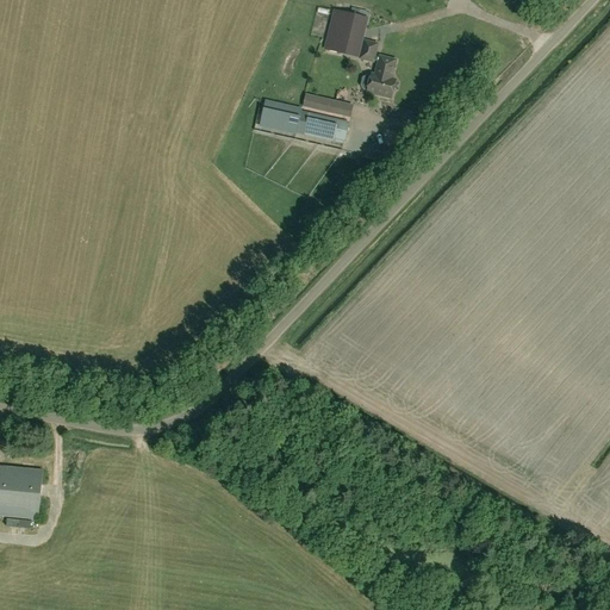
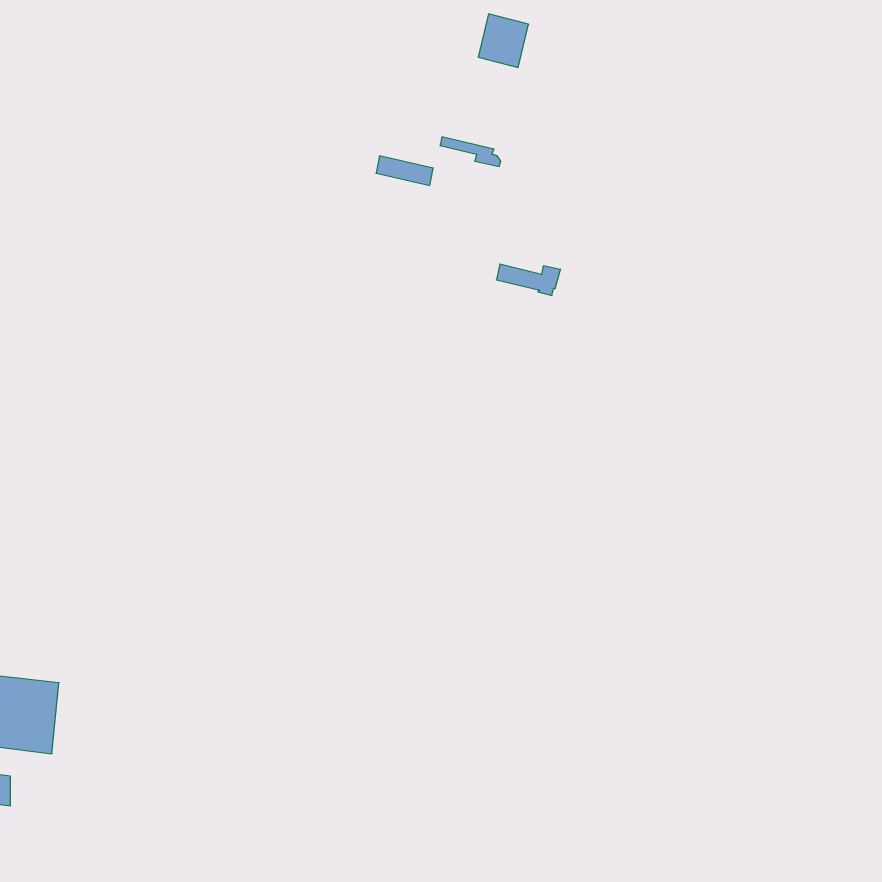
building: [357,39,394,97] -> none
building: [303,117,347,138] -> [496,264,561,295]

